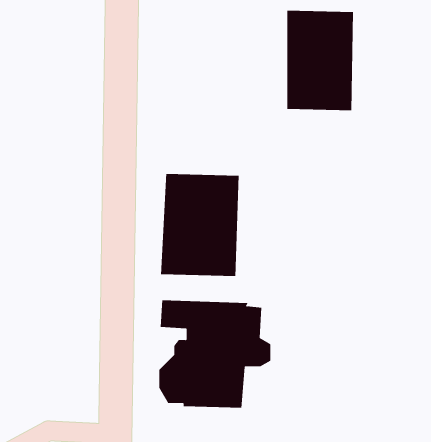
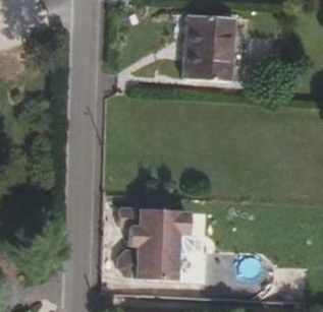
building: [160,173,239,277] -> none

